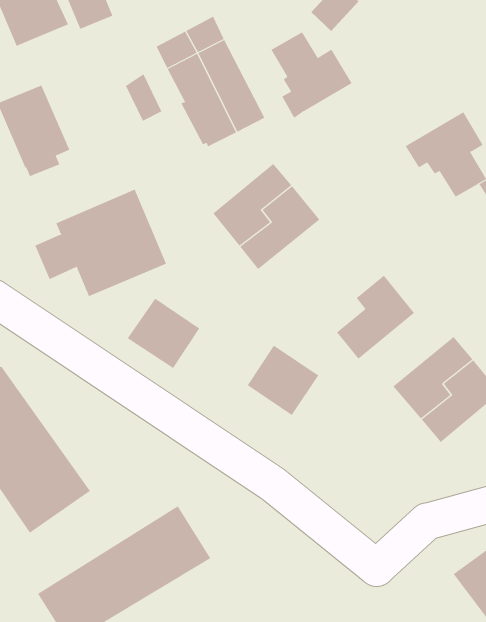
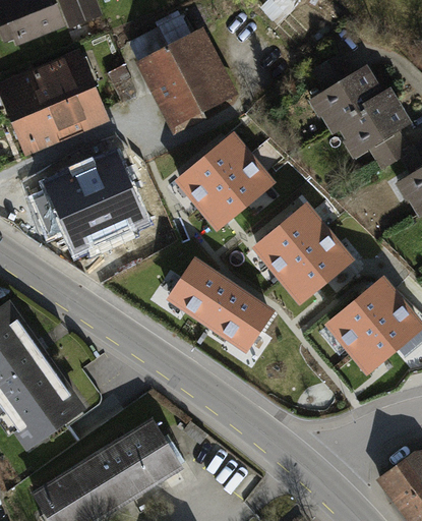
building: [270,32,353,119] -> [314,56,382,128]
building: none -> [40,56,101,126]
building: none -> [257,207,323,278]
building: [127,298,200,369] -> [171,263,232,322]

